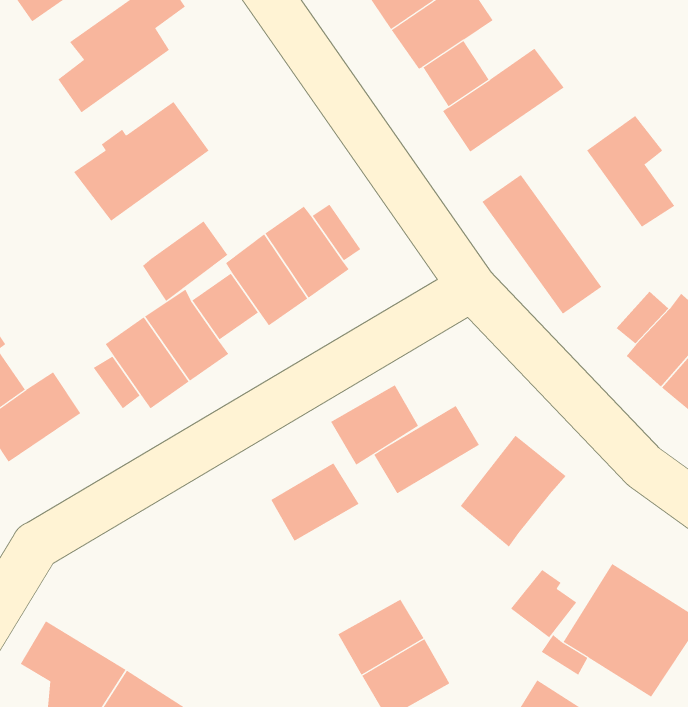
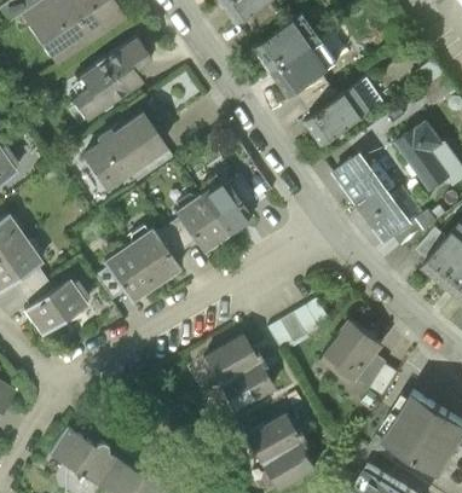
building: [142,221,228,302] -> none
building: [330,384,419,465] -> [218,358,272,407]
building: [510,569,577,638] -> [356,352,397,394]

